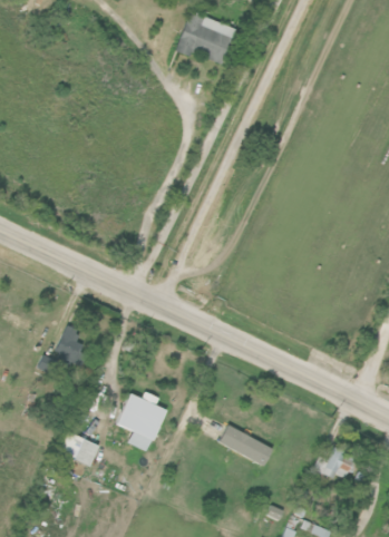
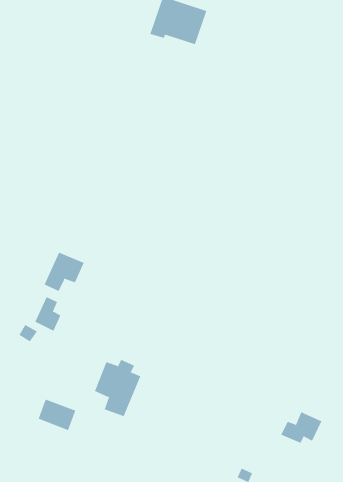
building: none -> [44,252,84,292]
building: [218,427,271,465] -> none

